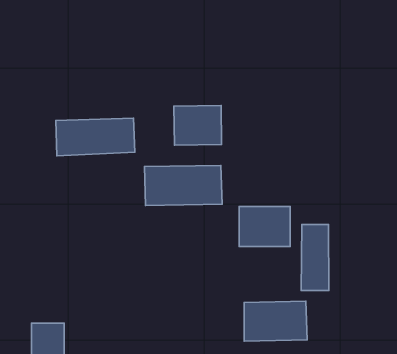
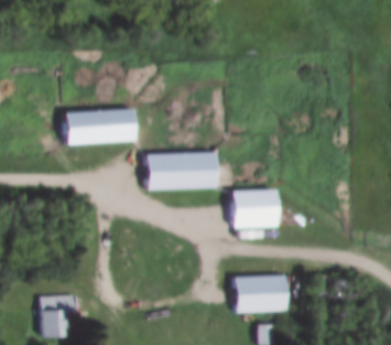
building: [174,105,222,145] -> none
building: [301,224,329,290] -> none

